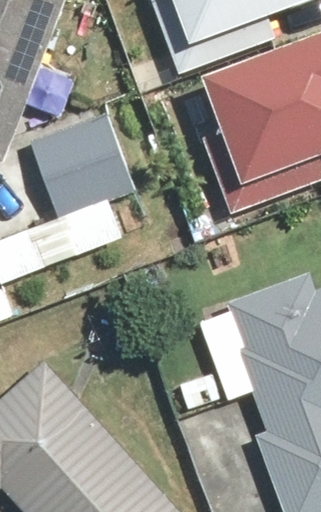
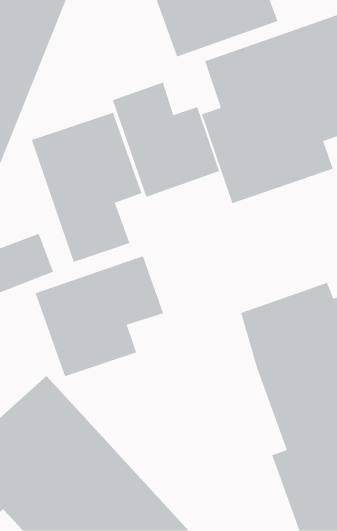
building: none -> [112,82,220,198]
building: none -> [34,255,164,377]

